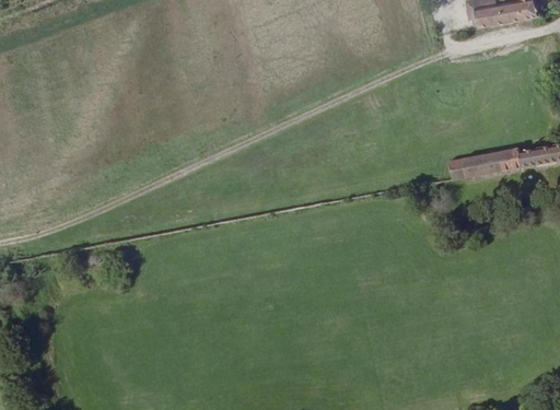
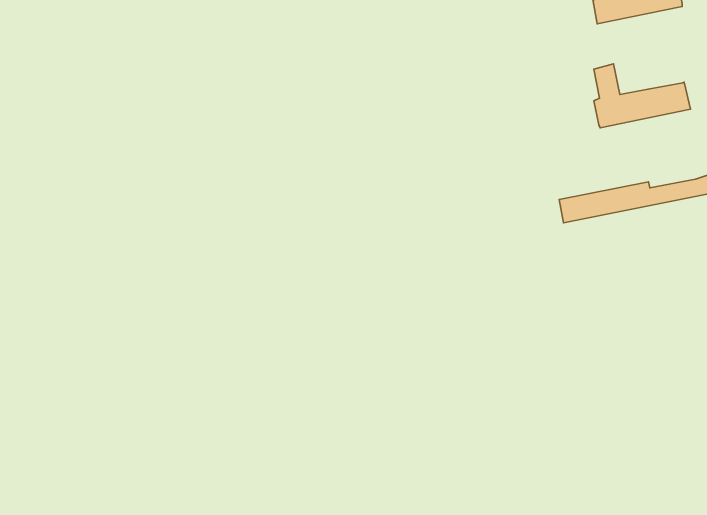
building: none -> [594,64,691,128]

